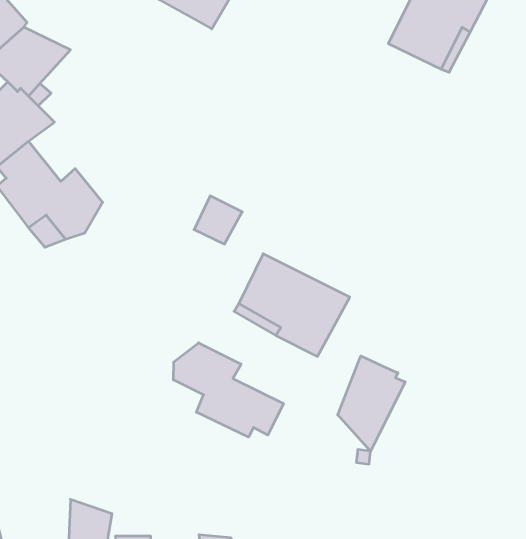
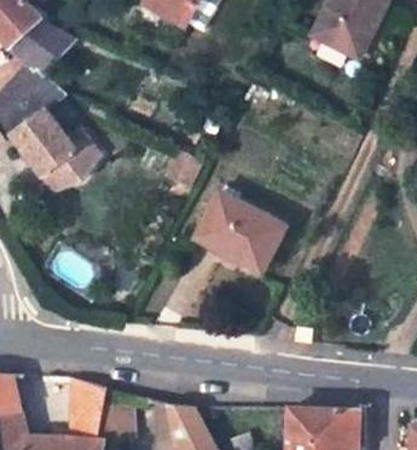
building: [173,343,283,437] -> none
building: [338,356,405,451] -> none

